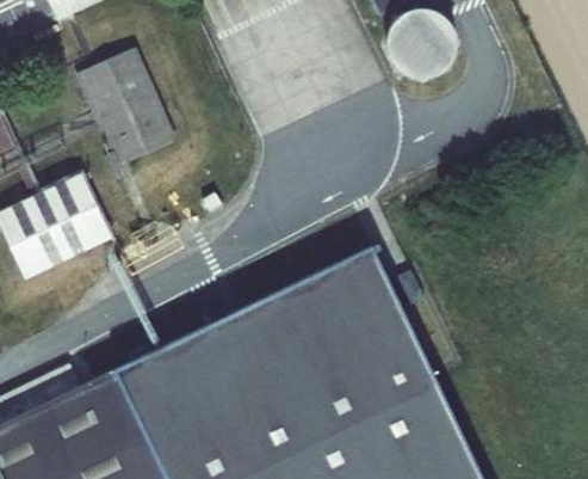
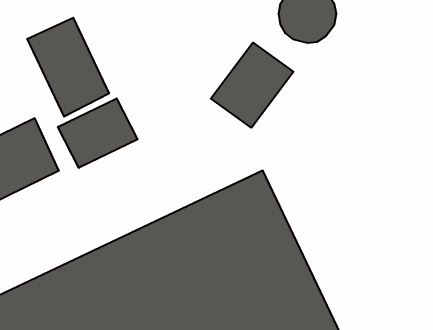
building: none -> [211,43,293,128]
building: none -> [58,98,138,168]

